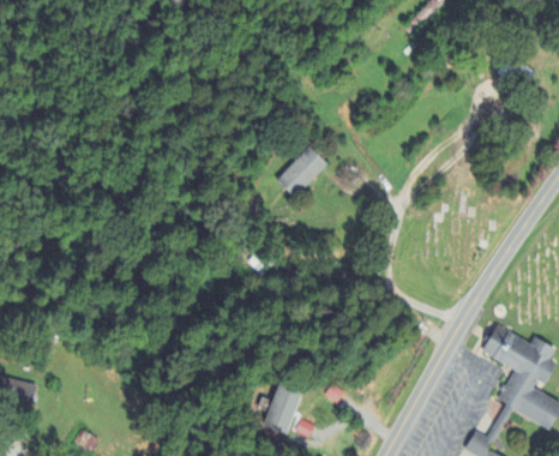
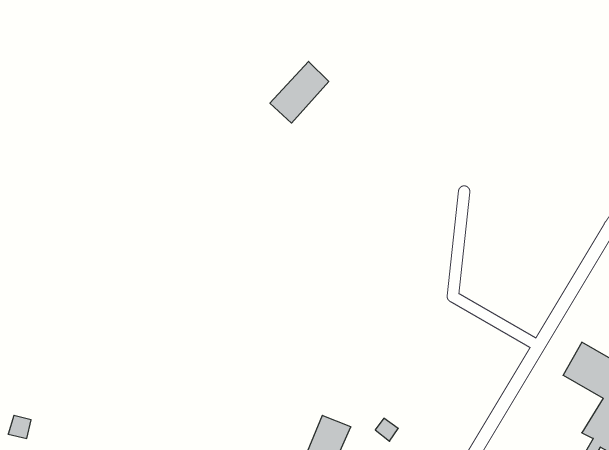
building: [276,148,325,199] -> [270,61,329,123]

